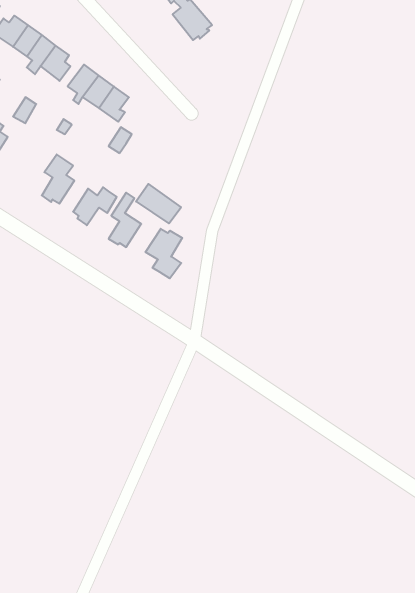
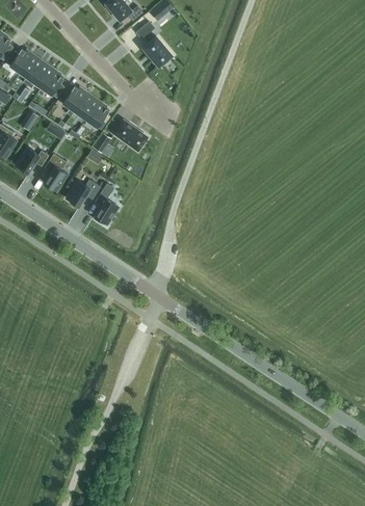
building: none -> [16,147,48,175]
building: [136,184,181,223] -> [113,119,148,150]
building: [146,229,182,278] -> none

